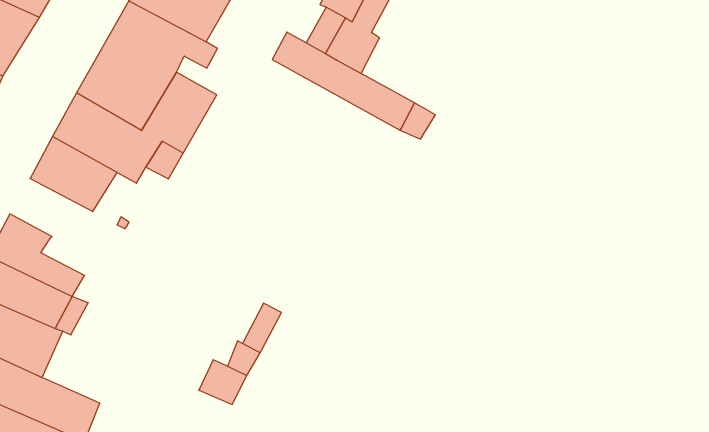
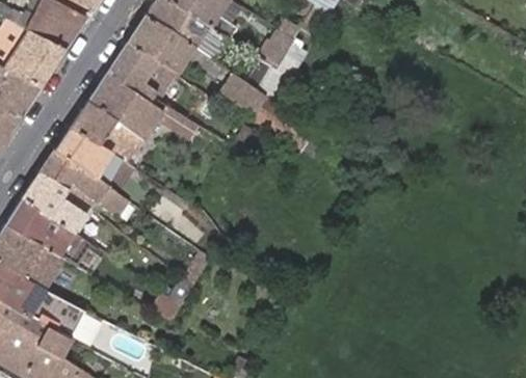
building: none -> [33,159,103,213]

